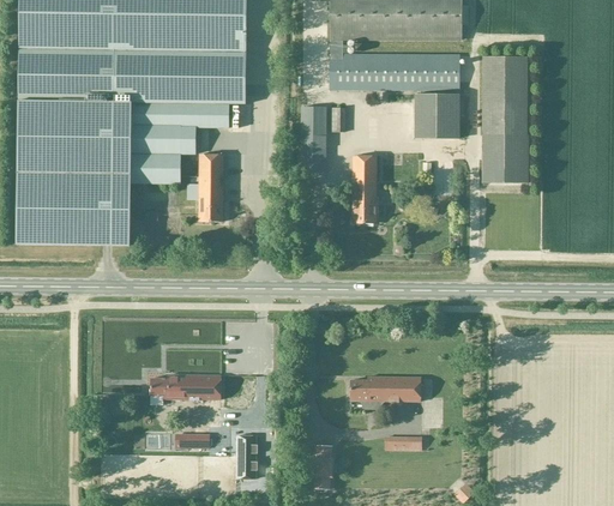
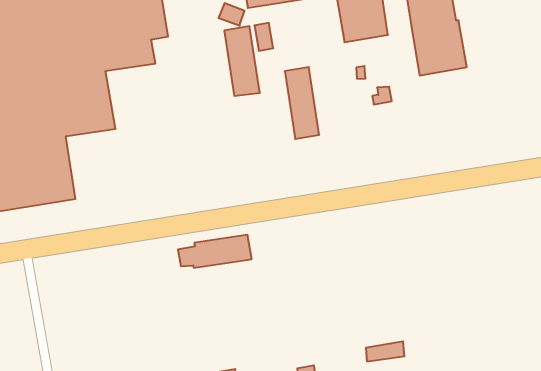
building: [198,152,222,219] -> none
building: [150,373,219,398] -> [178,235,252,268]
building: [349,375,419,406] -> none

